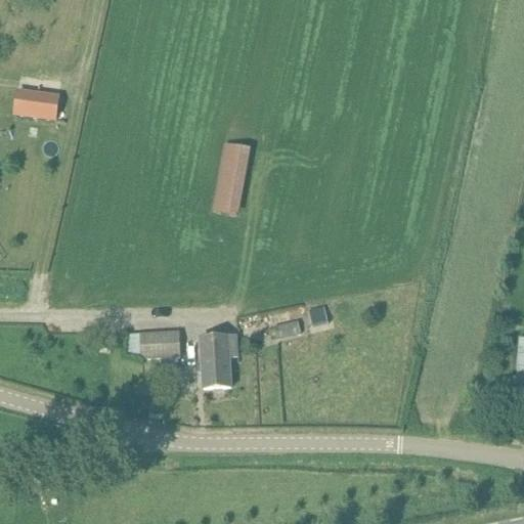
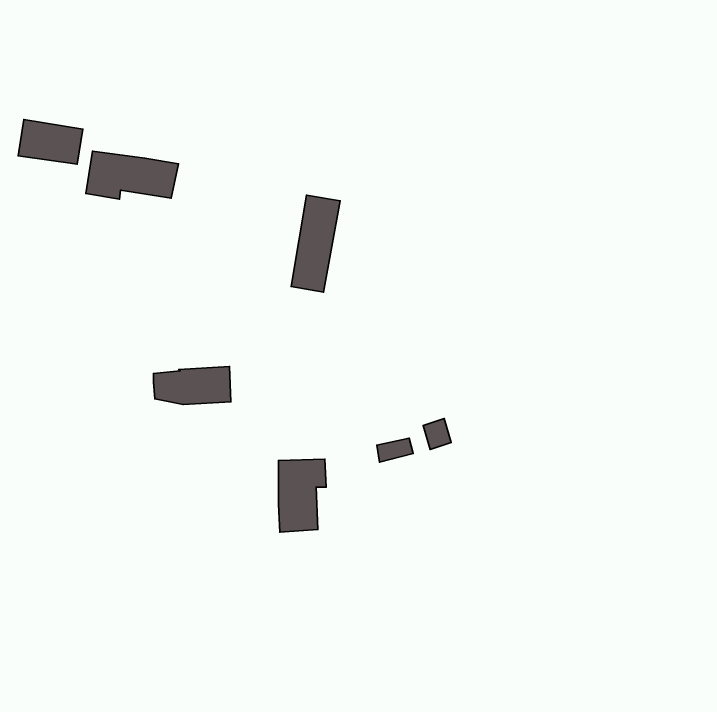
building: none -> [86,151,178,199]
building: [123,330,179,357] -> [154,367,231,405]

